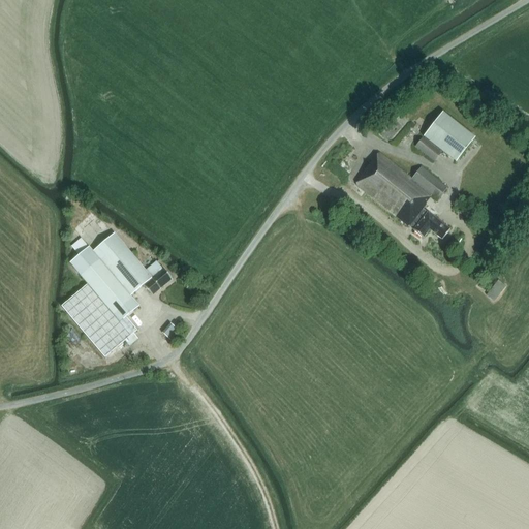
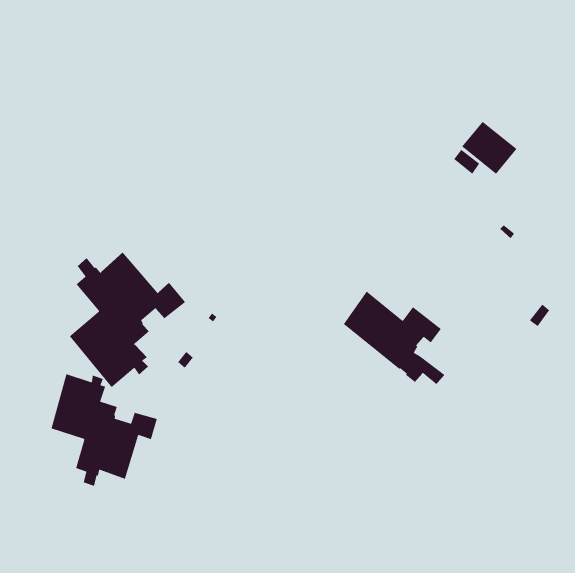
building: [355,151,449,238] -> [343,290,445,385]
building: none -> [51,373,158,487]

